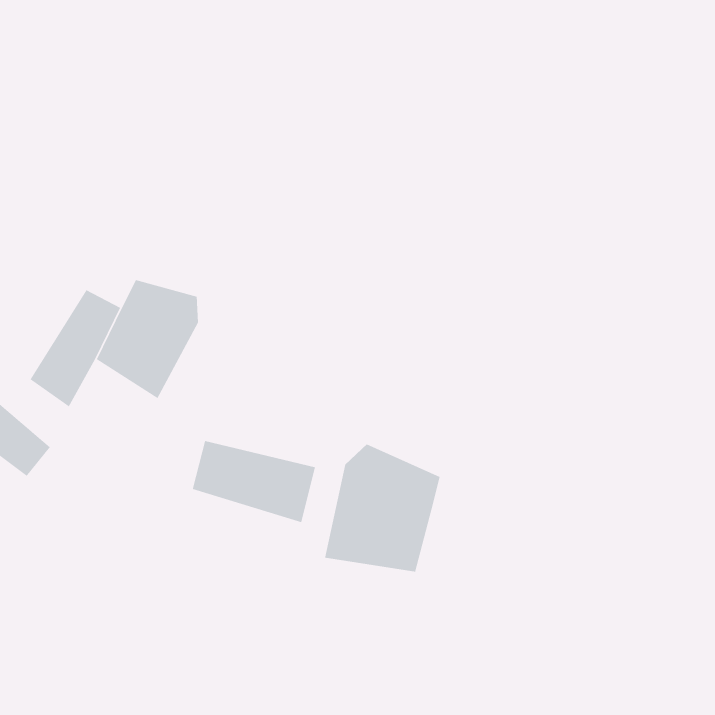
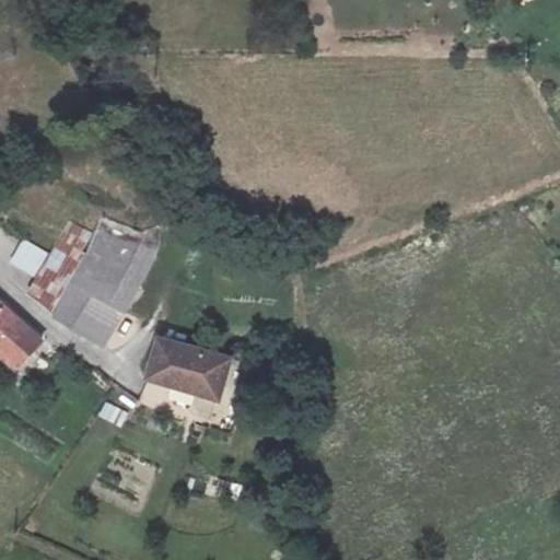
building: none -> [54,279,122,350]
building: [324,444,441,572] -> none

